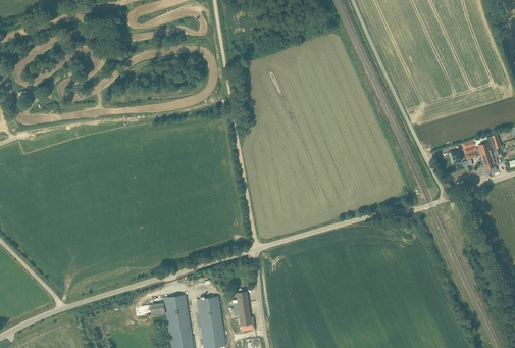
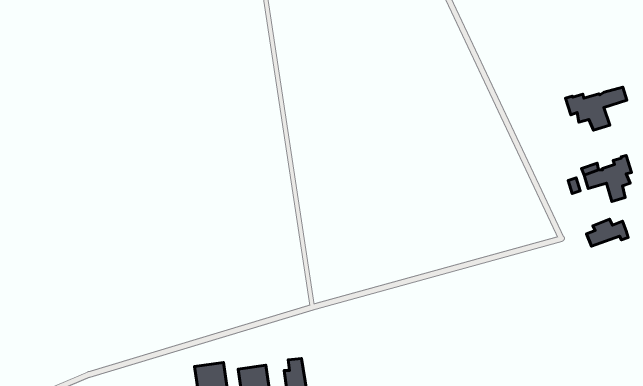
building: none -> [566,87,627,130]
building: none -> [587,219,628,246]

